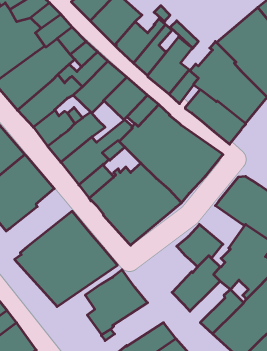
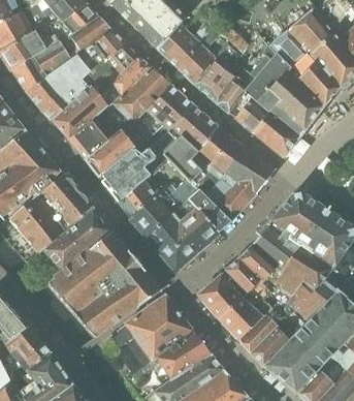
building: none -> [43,207,111,271]
building: none -> [251,225,300,272]
building: none -> [201,270,249,320]
building: none -> [240,308,285,353]
building: none -> [156,332,212,379]

